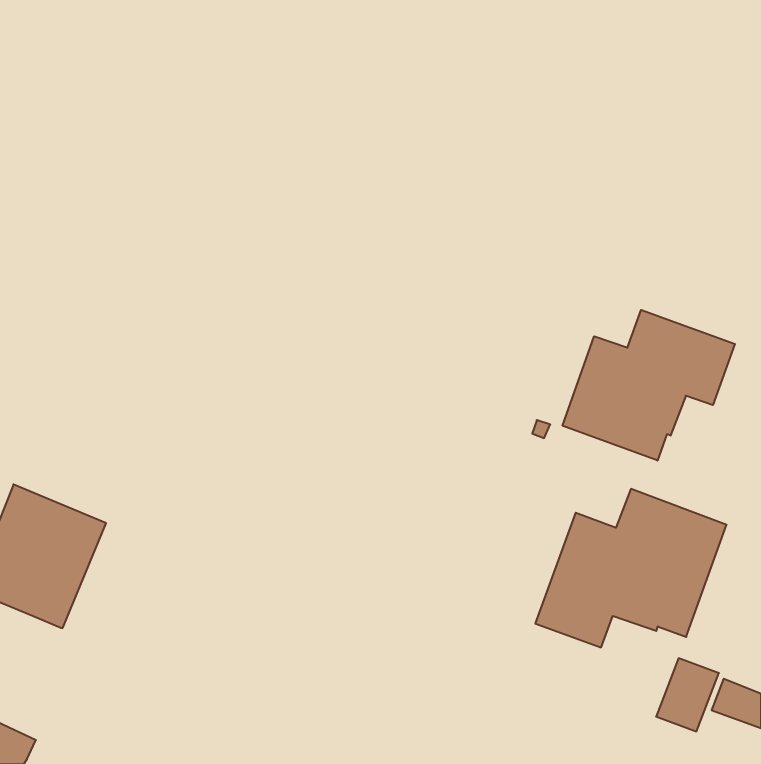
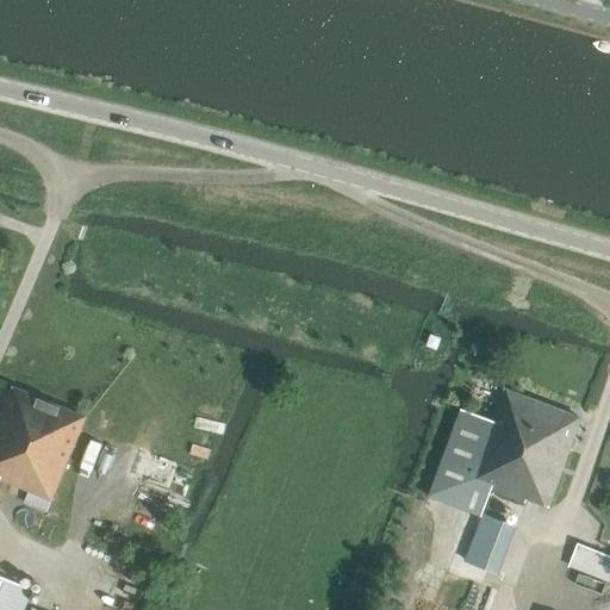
building: [563,310,735,461] -> none
building: [656,658,719,731] -> [463,515,513,573]

